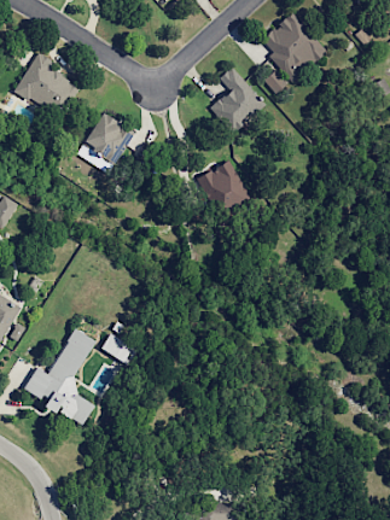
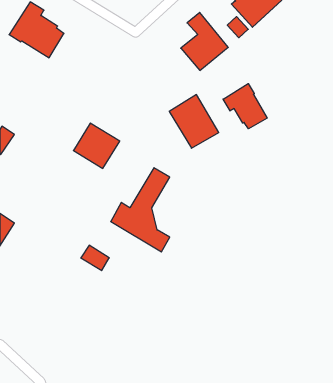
building: [80,113,133,165] -> [73,123,120,168]
building: none -> [223,84,267,129]
building: [23,326,91,422] -> [111,168,170,252]

